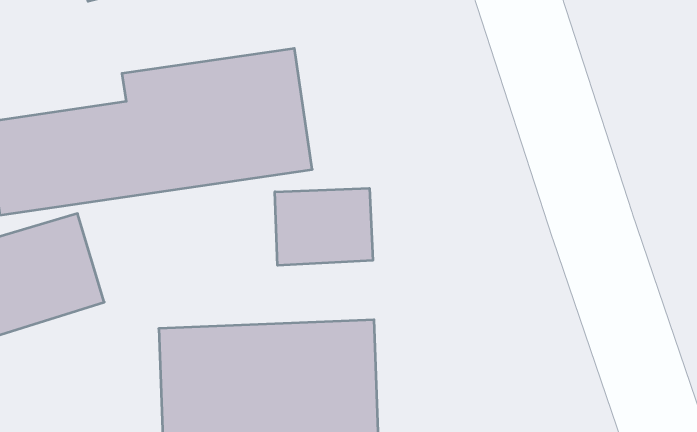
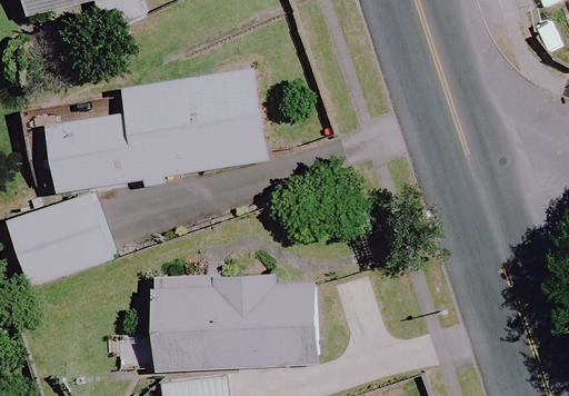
building: [275,188,373,265] -> none

